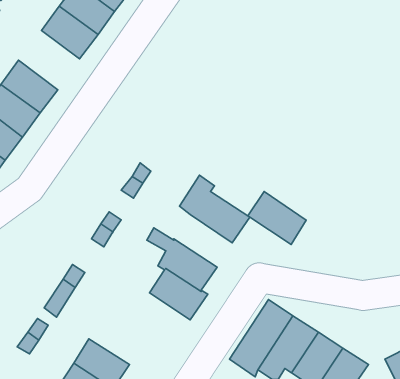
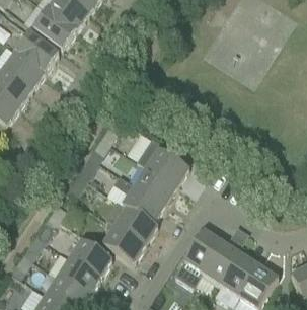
building: none -> [16,32,59,72]
building: [248,192,306,244] -> [133,165,176,205]
building: none -> [102,224,145,263]
building: none -> [69,239,111,278]

